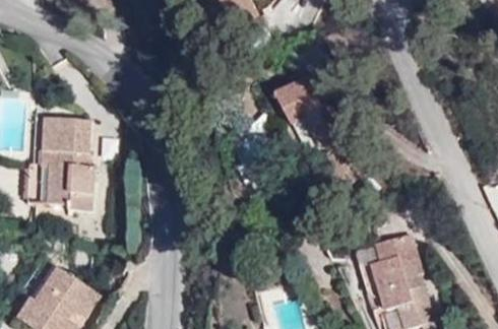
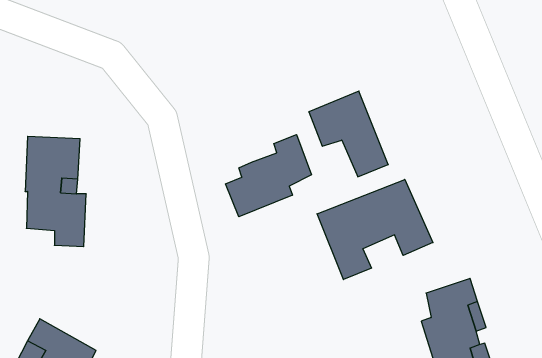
building: none -> [226,135,311,217]
building: none -> [317,179,433,280]

